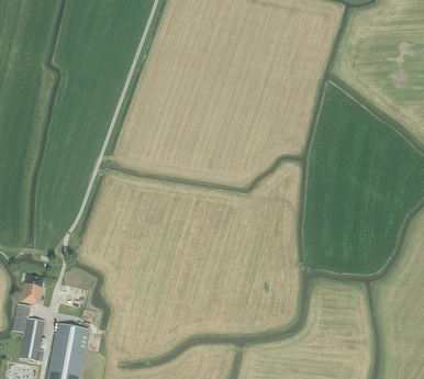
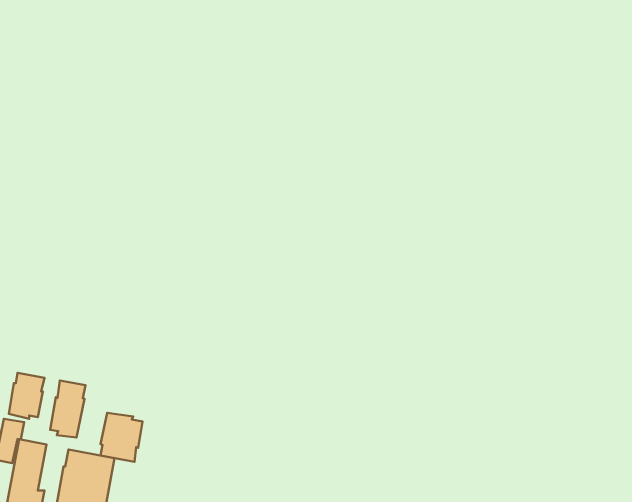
building: none -> [50,380,85,437]
building: none -> [100,413,143,462]

